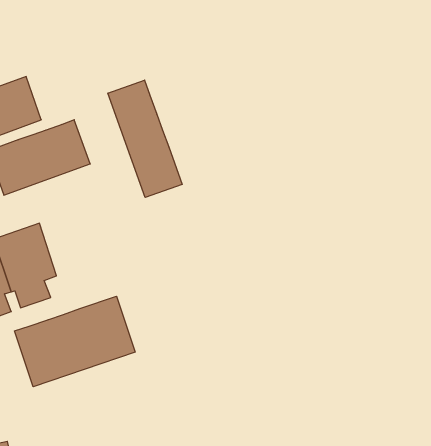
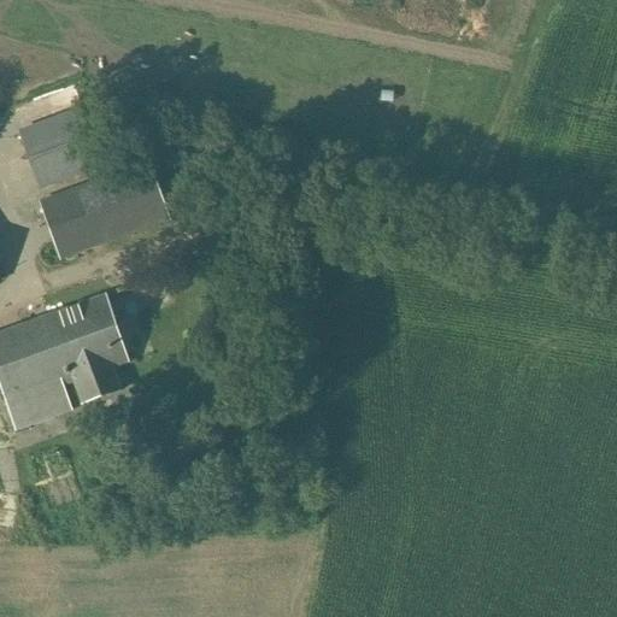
building: [108,80,182,197] -> none
building: [14,296,135,387] -> none

